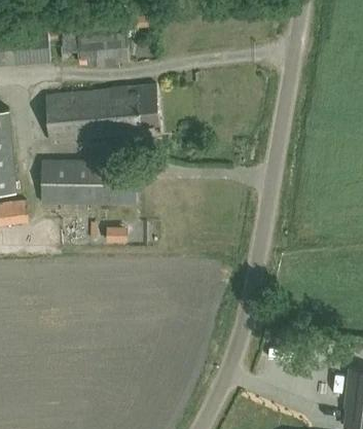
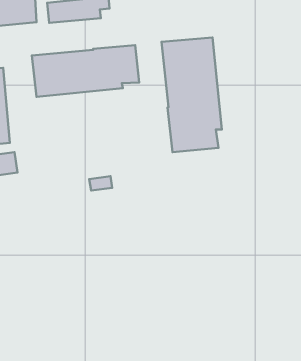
building: none -> [162,38,222,152]
building: [40,160,119,204] -> none

